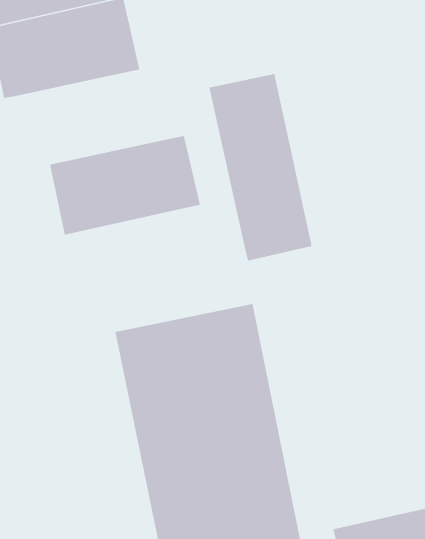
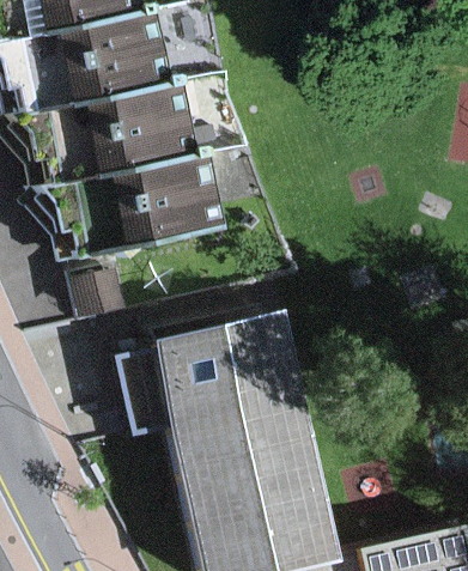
building: none -> [45,77,201,181]
building: [208,73,312,261] -> none

